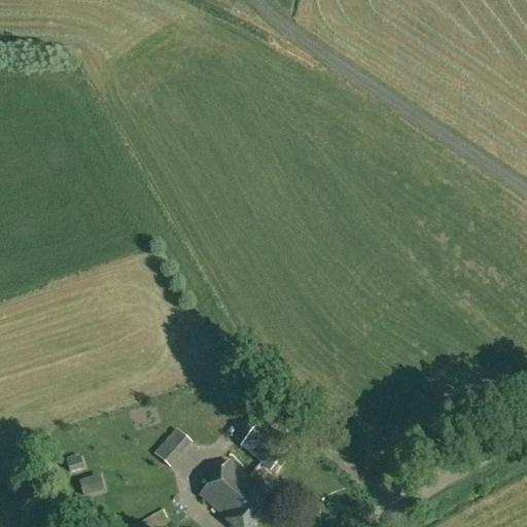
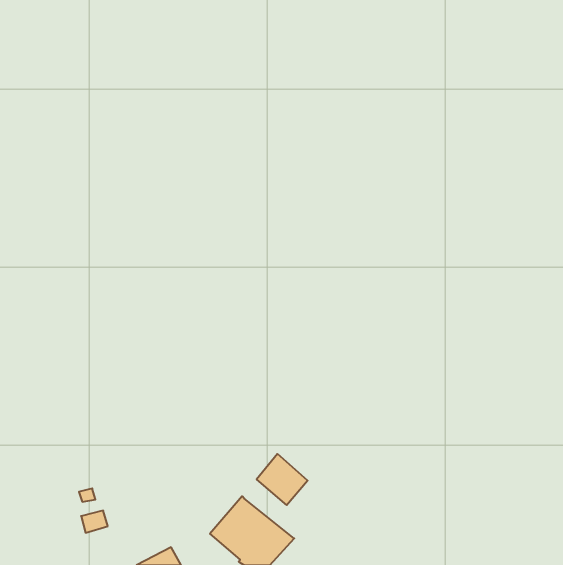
building: [160,429,197,467] -> none

